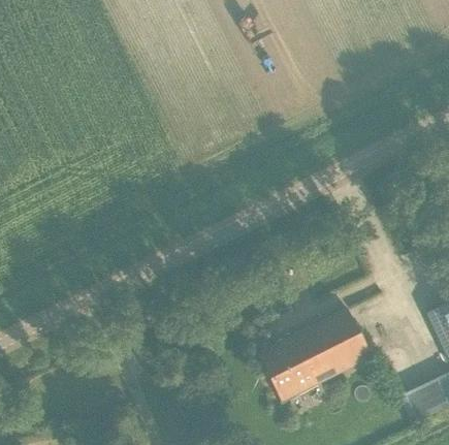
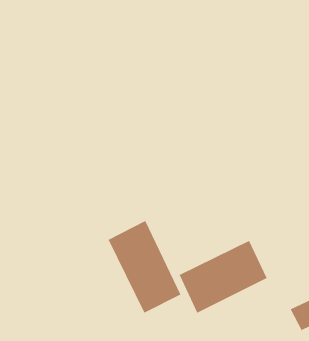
building: none -> [108,220,181,313]

